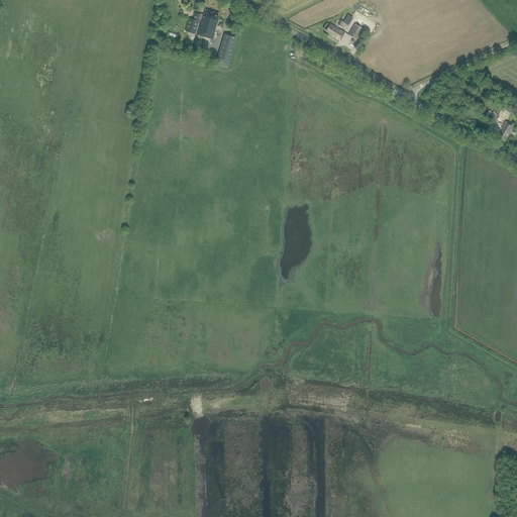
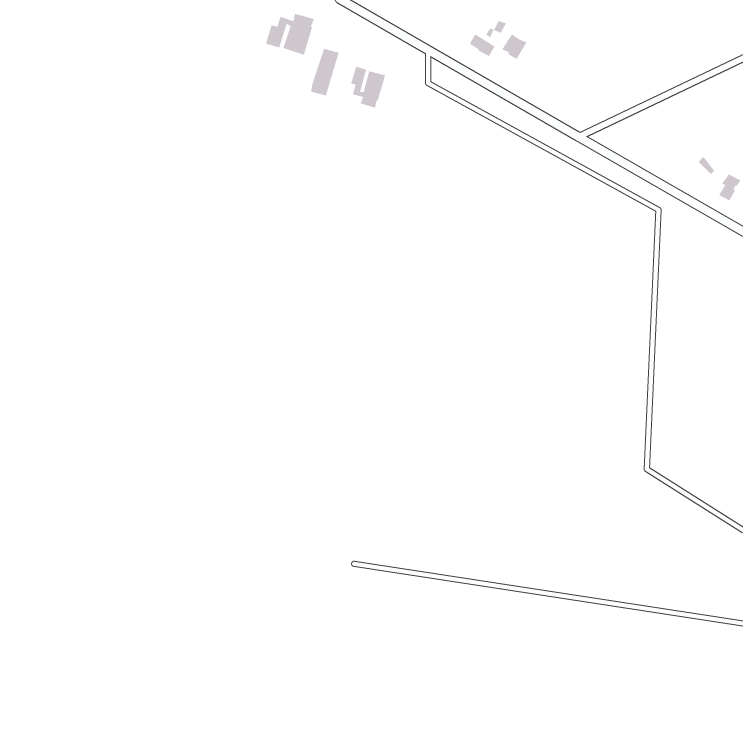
building: none -> [351,66,386,109]

